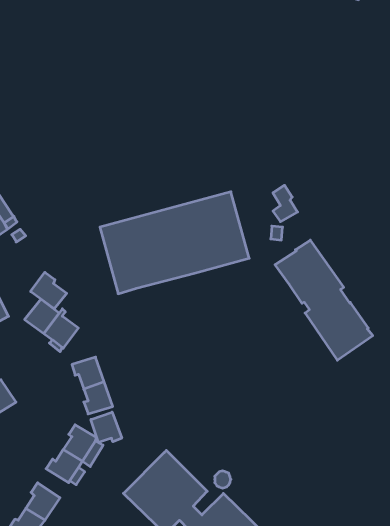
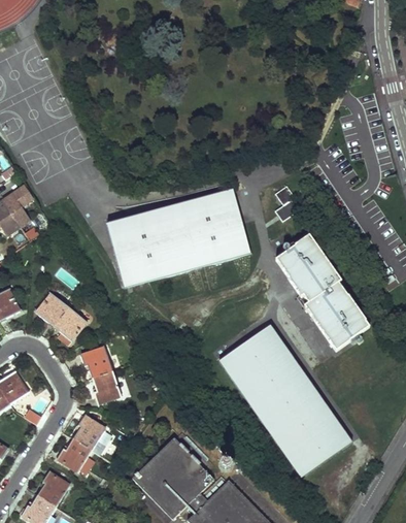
building: [31,272,67,309] -> none
building: none -> [218,322,351,475]
building: [91,412,122,443] -> none

